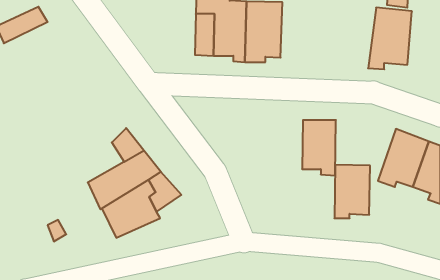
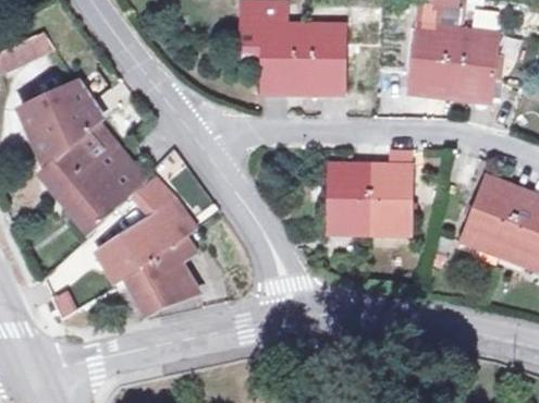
building: none -> [411,26,460,103]
building: none -> [22,83,144,224]
building: [334,165,370,218] -> [327,166,370,231]

